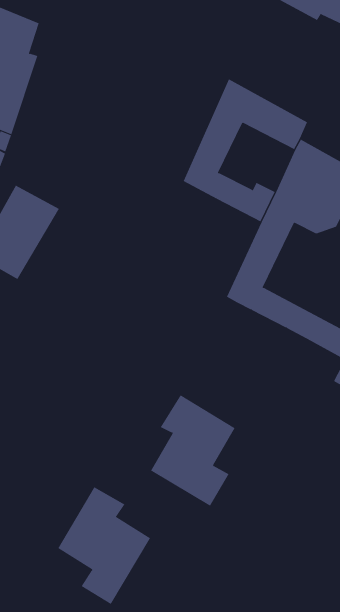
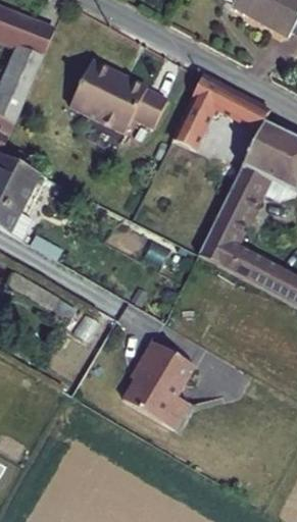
building: none -> [63,49,162,124]
building: [57,487,151,605] -> none

